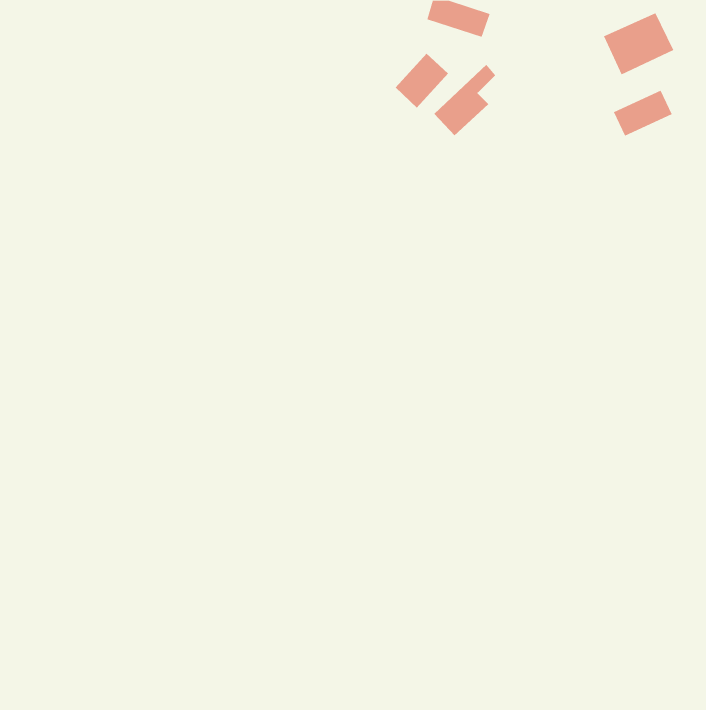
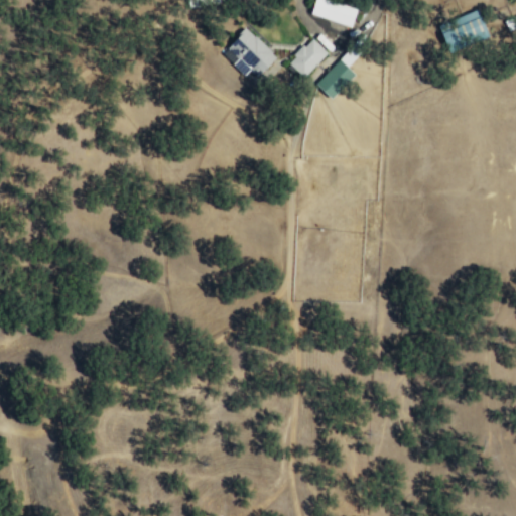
building: none -> [222,27,278,79]
building: [613,90,673,137] -> none

